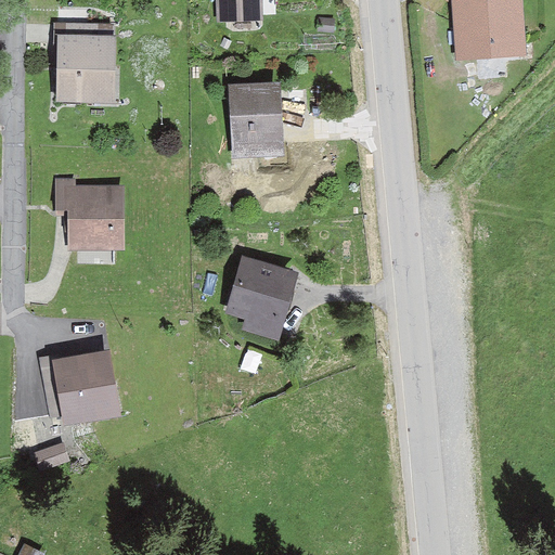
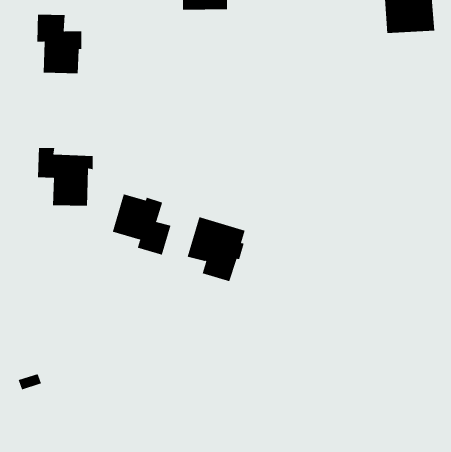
building: [237,92,278,147] -> none
building: none -> [112,194,171,255]
building: [43,357,109,420] -> none

